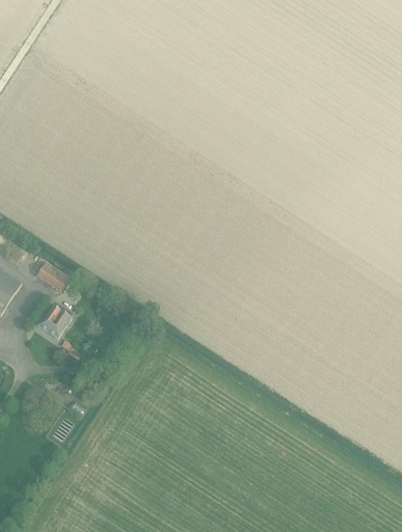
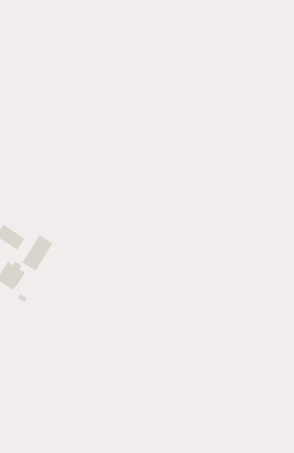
building: none -> [21,234,53,271]

